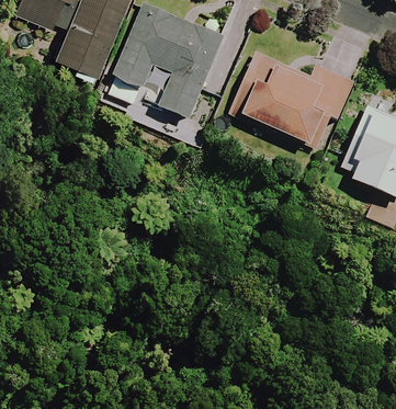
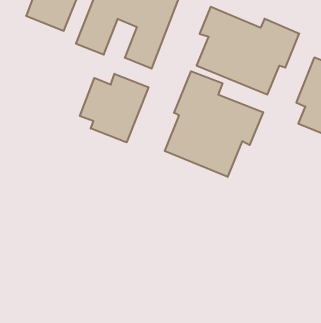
building: none -> [165,71,263,177]
building: none -> [80,74,148,142]

